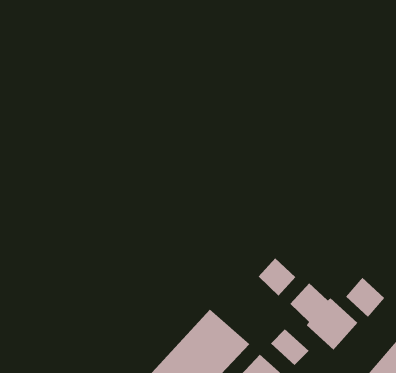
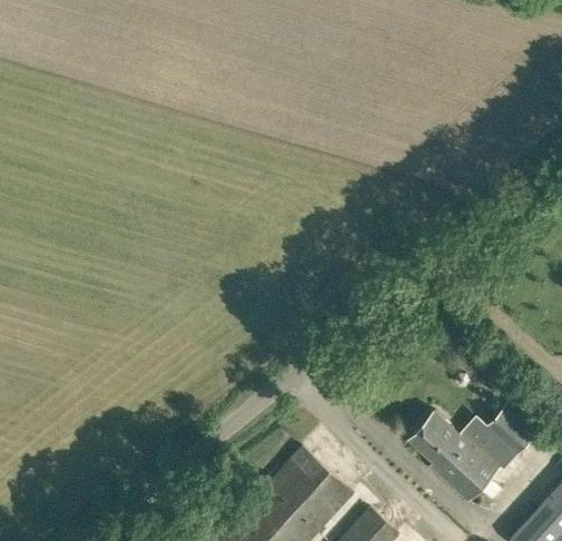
building: [258,257,296,296] -> none
building: [270,328,309,366] -> none

